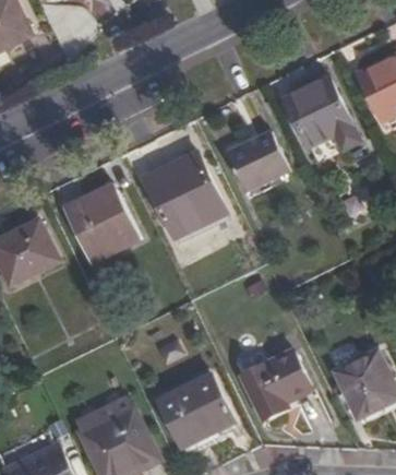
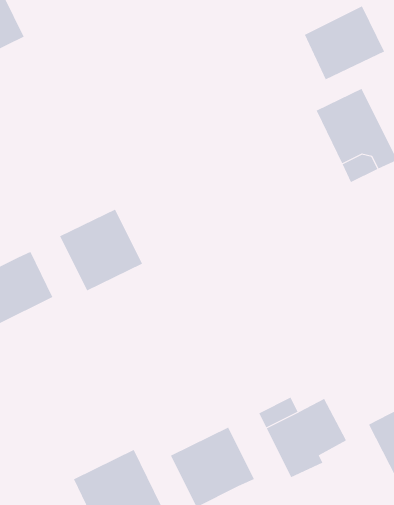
building: none -> [304,5,385,80]
building: [224,130,287,191] -> none
building: [144,154,223,237] -> none

